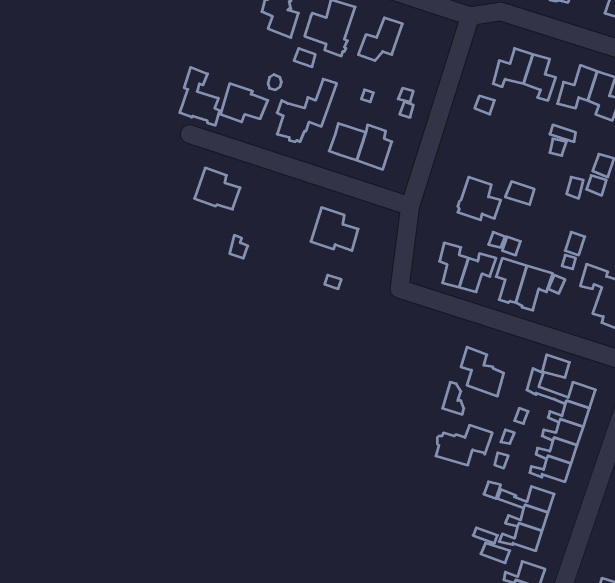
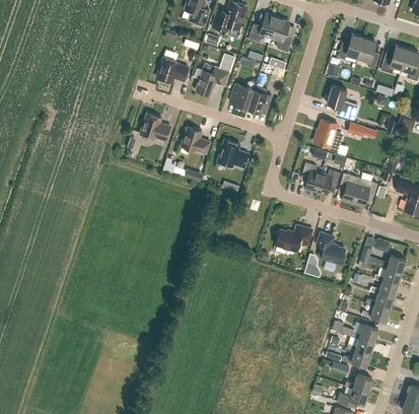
building: none -> [271,17,293,52]
building: [180,67,219,125] -> none
building: none -> [327,85,358,119]
building: none -> [181,127,210,153]
building: [436,425,492,465] -> [275,224,312,251]

